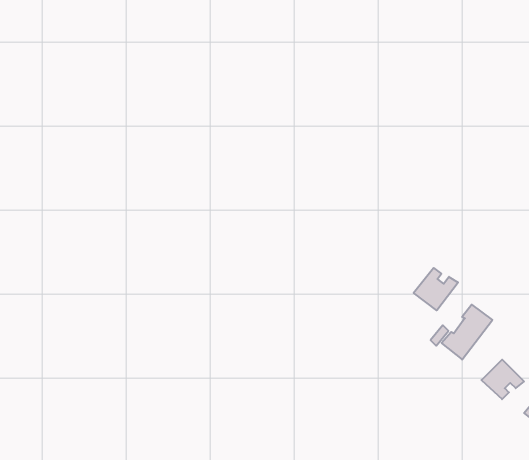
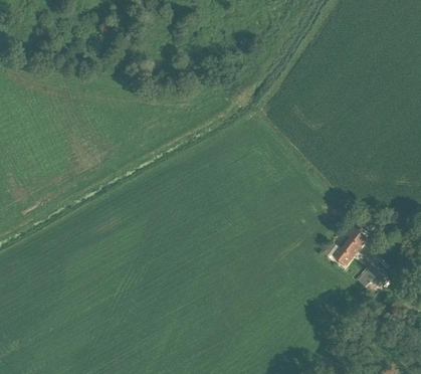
building: [414,268,458,310] -> none

